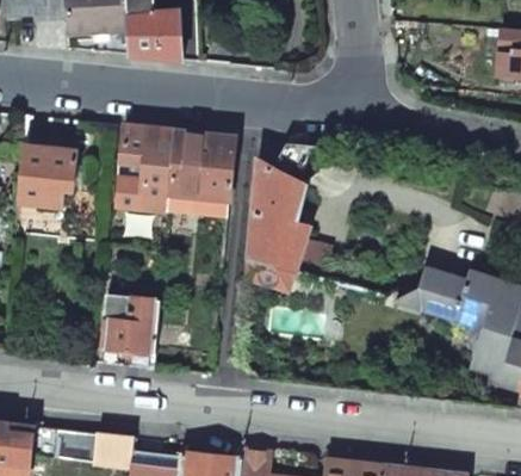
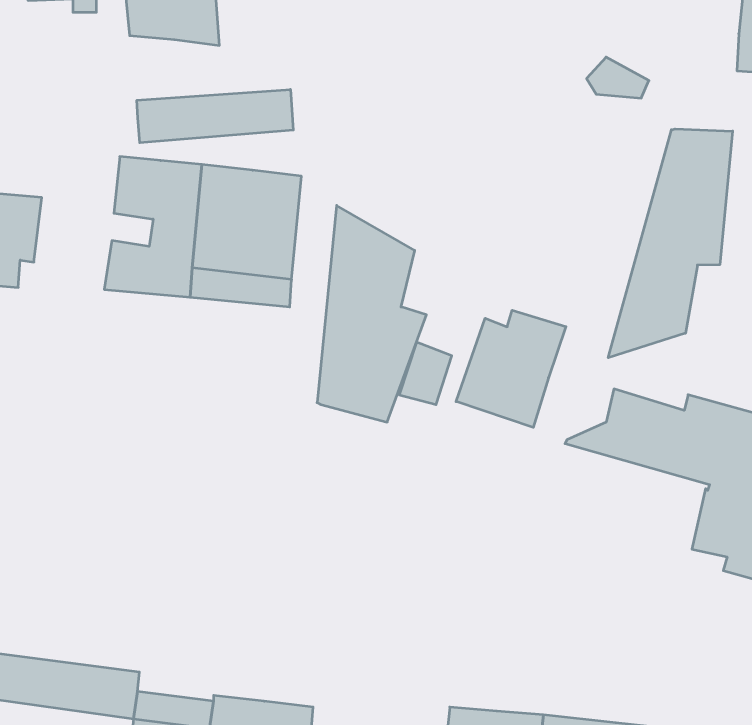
building: none -> [137,89,293,143]
building: none -> [608,129,733,358]
building: none -> [456,310,566,427]
building: [99,291,157,351] -> none

